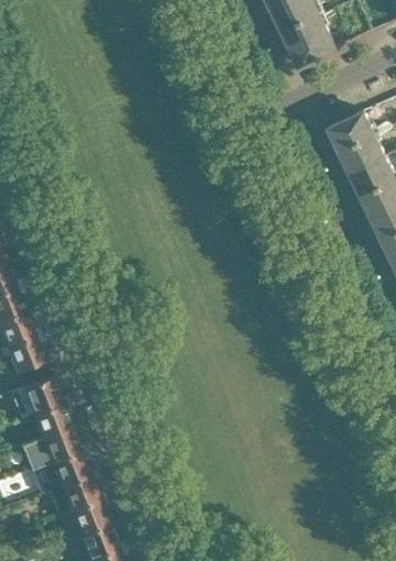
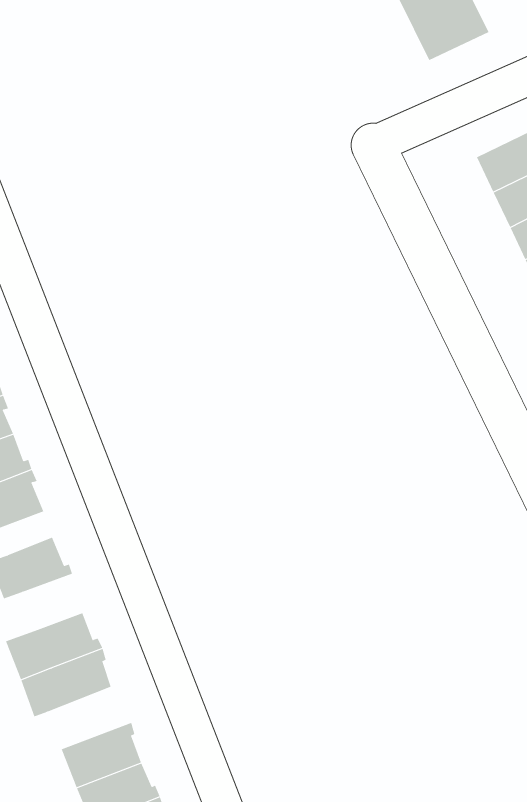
building: [31,400,70,437] -> none
building: [47,474,102,515] -> none

